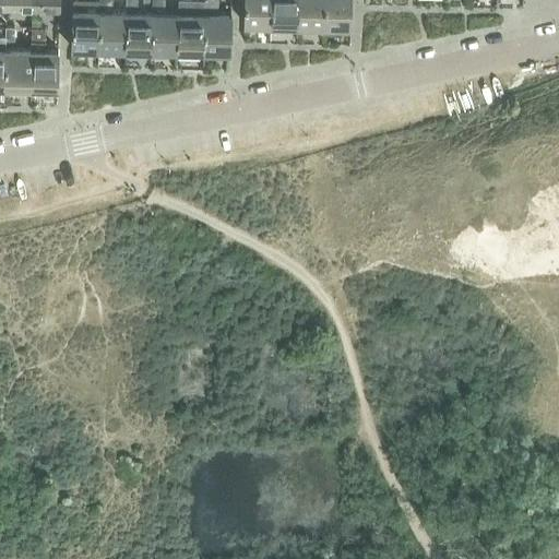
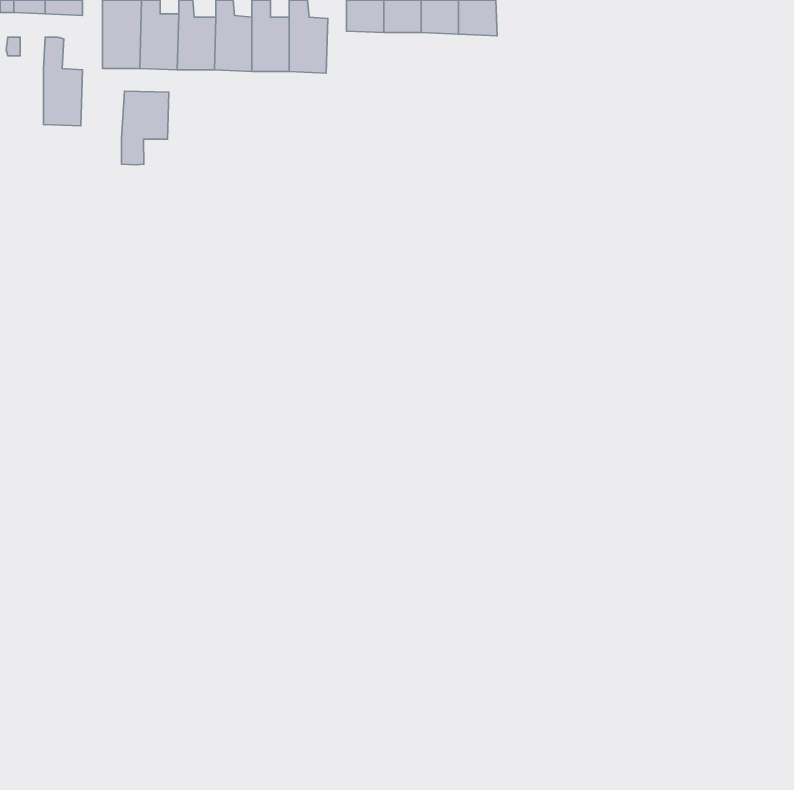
building: [4,51,31,91] -> none
building: none -> [121,91,169,165]

